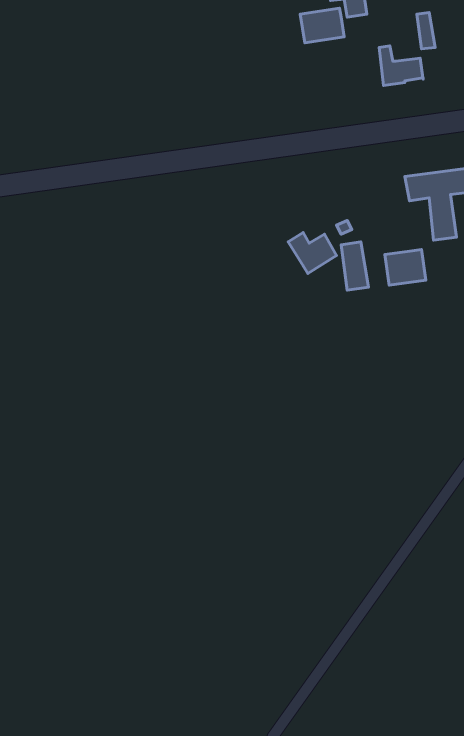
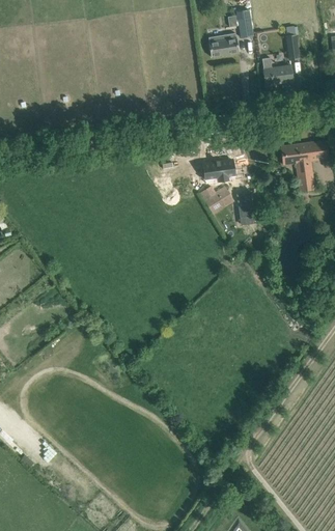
building: none -> [203,159,240,185]
building: [385,249,426,285] -> none

